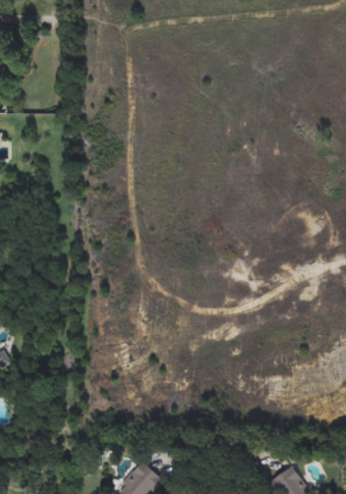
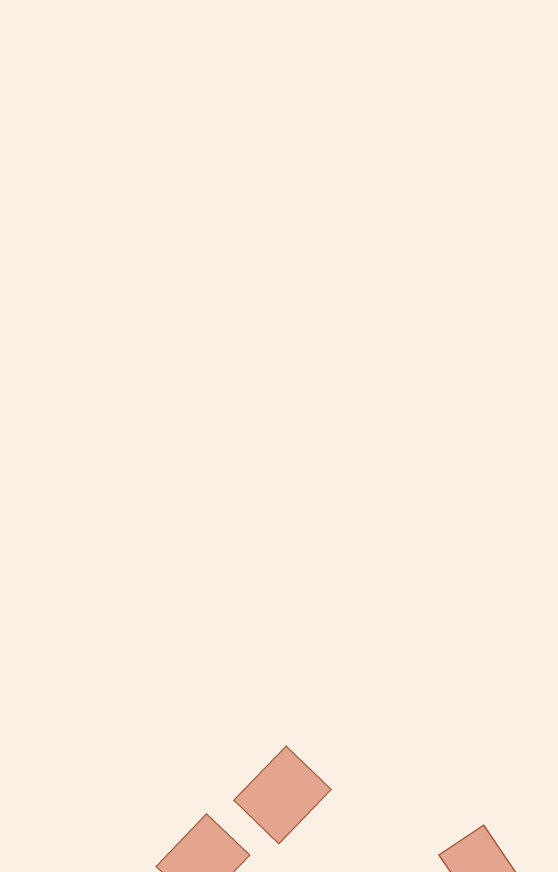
building: none -> [234,746,331,844]

